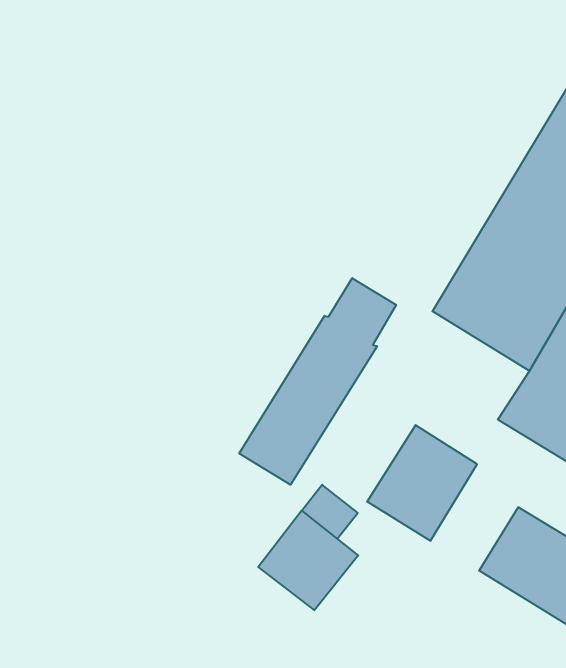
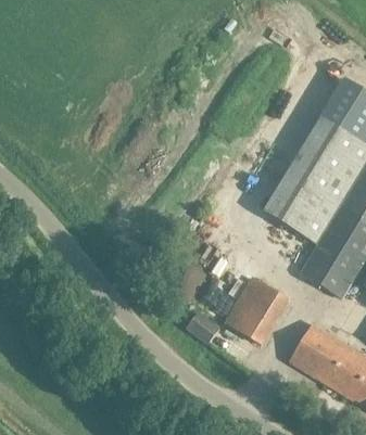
building: [239,278,396,485] -> none
building: [258,511,358,610] -> none

